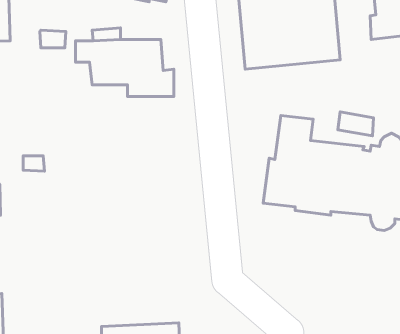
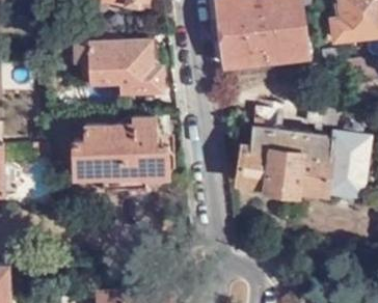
building: none -> [72,117,168,192]

